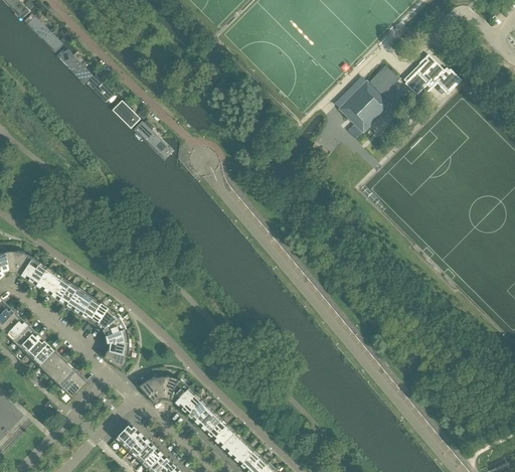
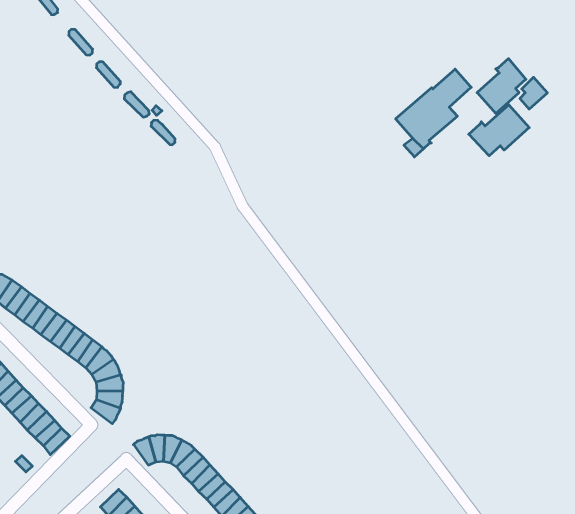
building: none -> [469,105,529,156]

